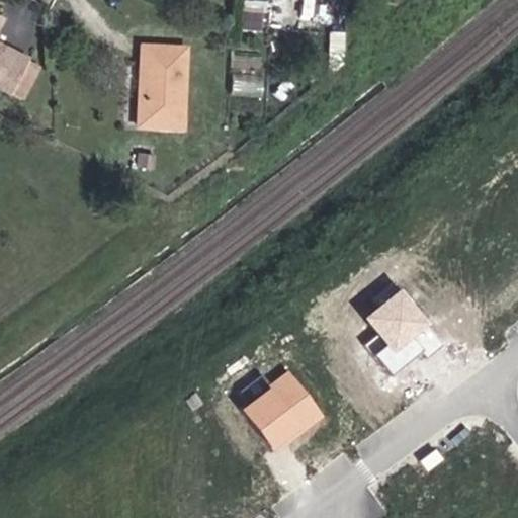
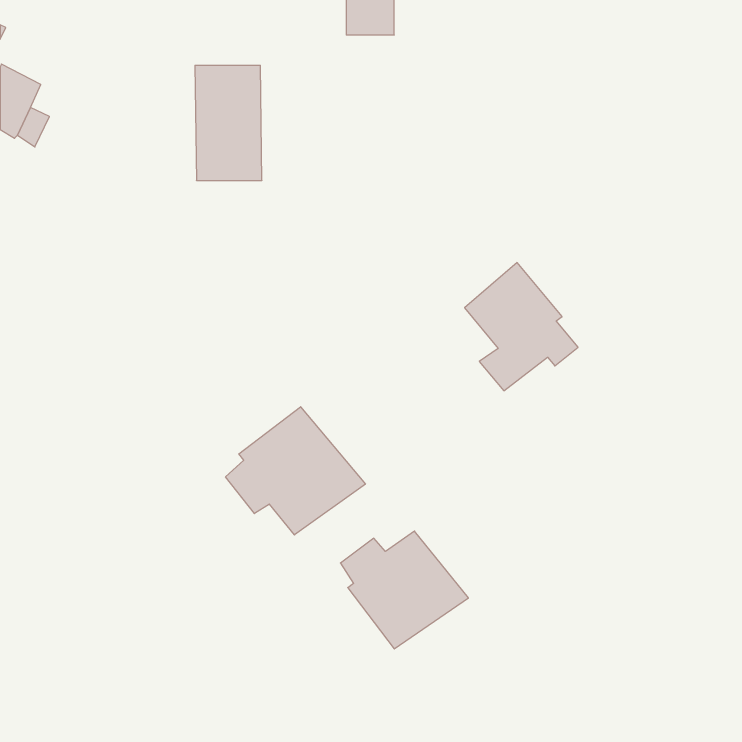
building: none -> [226,407,365,535]
building: [366,285,445,374] -> [465,263,578,391]

